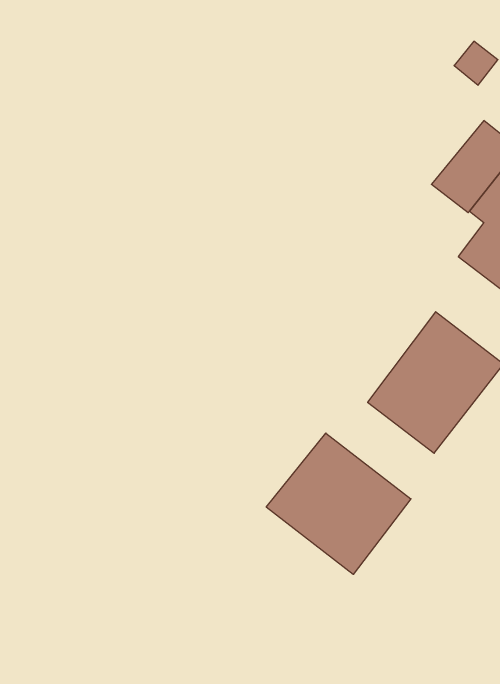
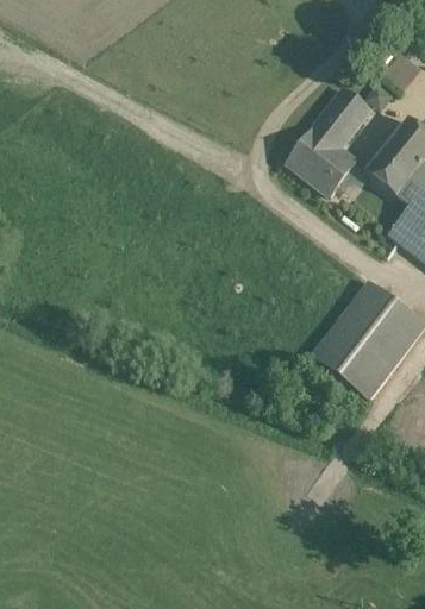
building: none -> [286,88,369,195]
building: [266,433,411,574] -> none

